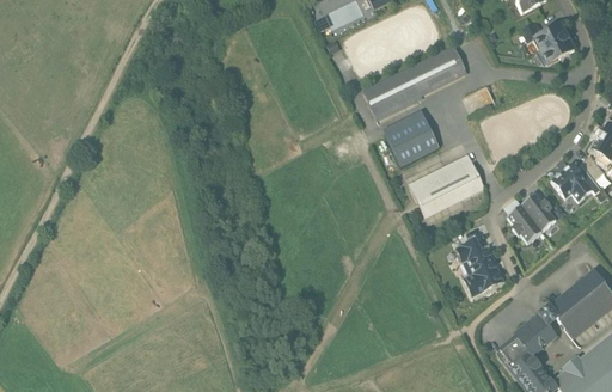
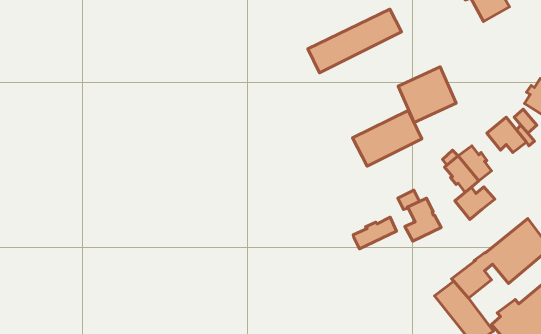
building: [378,106,439,165] -> [398,67,456,122]
building: none -> [455,187,495,219]
building: none -> [353,217,397,249]

